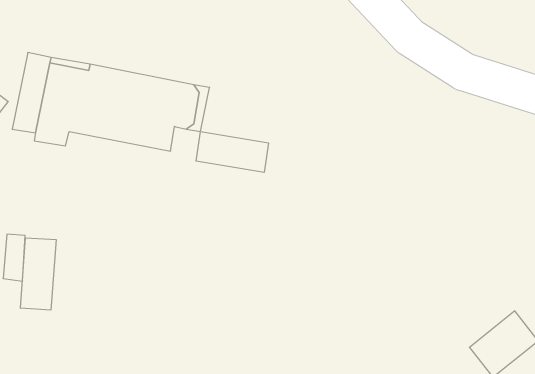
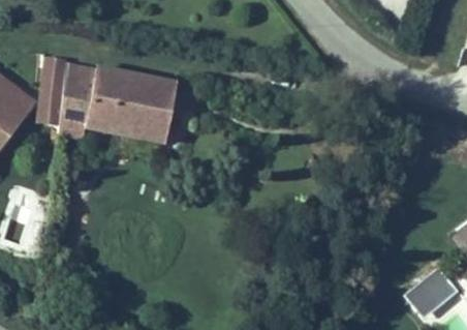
building: [196,132,268,172] -> none
building: [21,238,56,310] -> none

